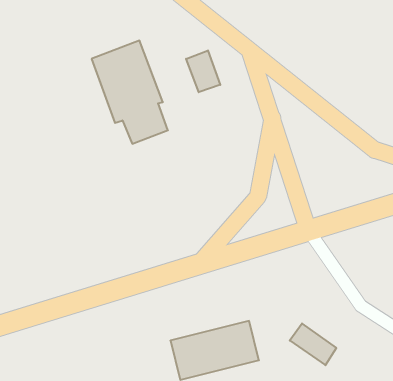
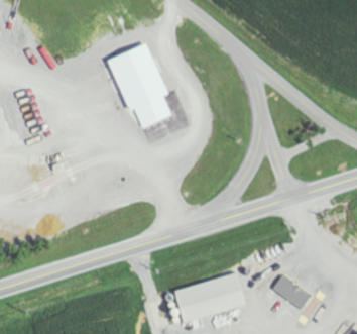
building: [186,50,220,92] -> none

